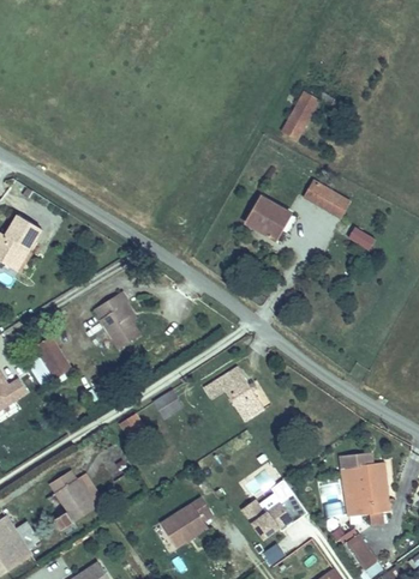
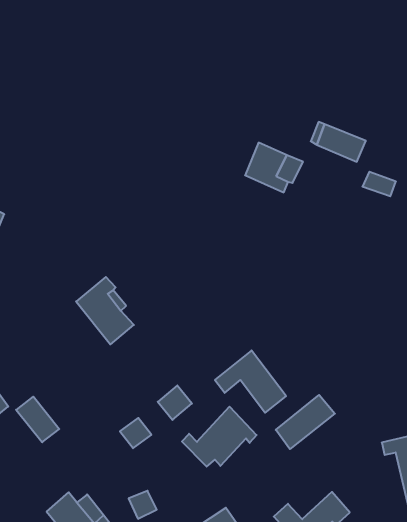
building: [283,90,322,138] -> none
building: [34,338,68,378] -> [16,397,59,442]
building: none -> [276,395,335,449]
building: none -> [182,407,257,467]

